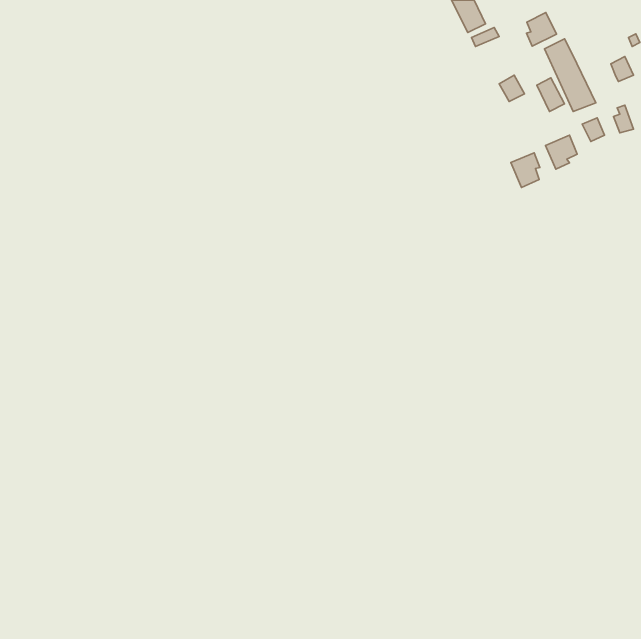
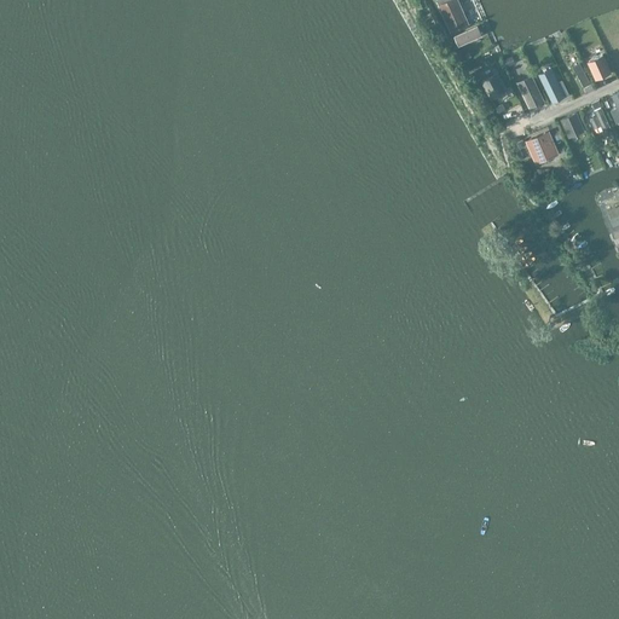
building: [526,13,556,46] -> none
building: [511,153,540,187] -> none

